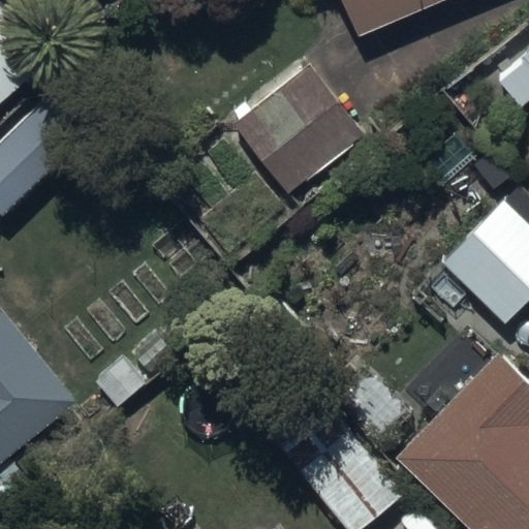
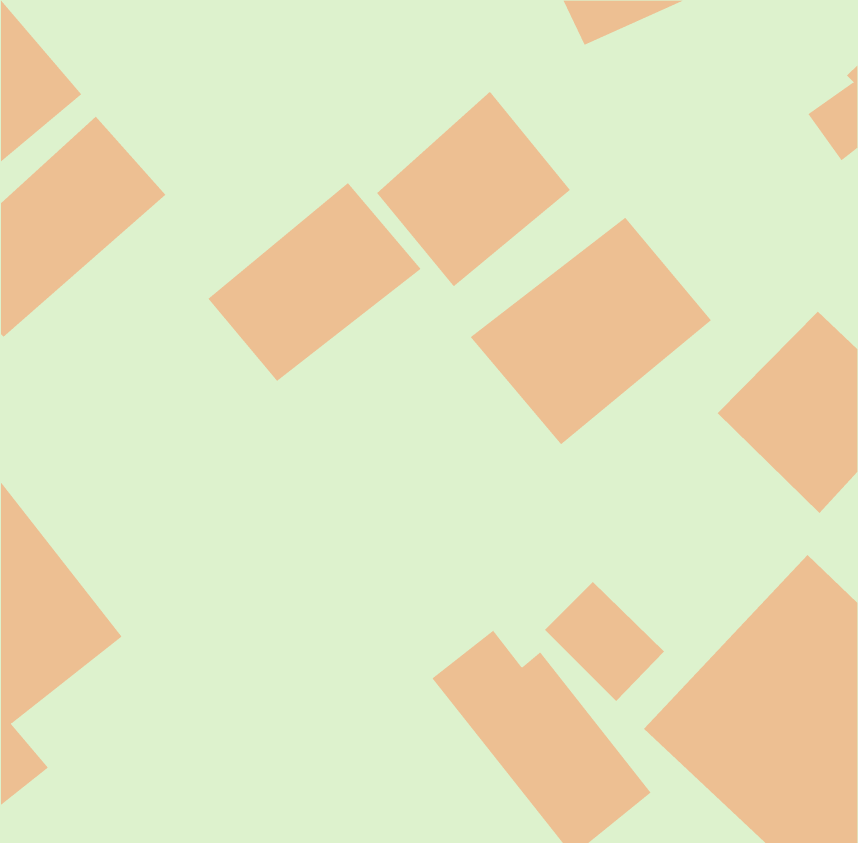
building: none -> [207,182,422,382]
building: none -> [470,217,712,445]

